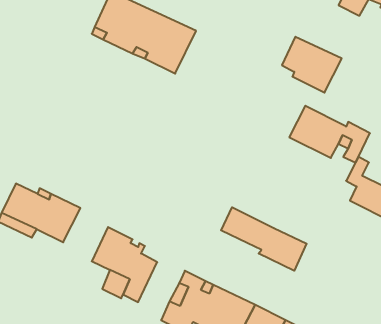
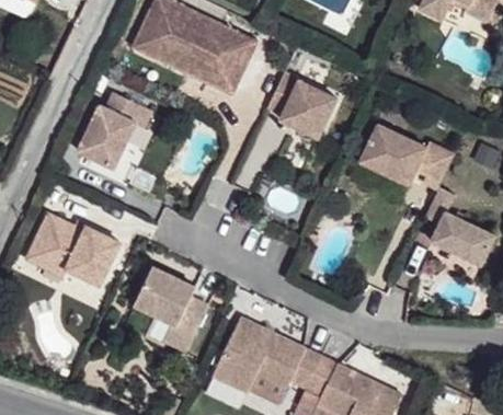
building: [282,37,342,93] -> [268,73,338,138]
building: none -> [69,92,155,184]
building: [221,207,307,271] -> none

